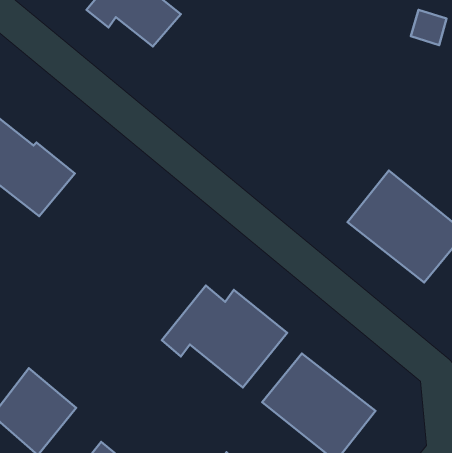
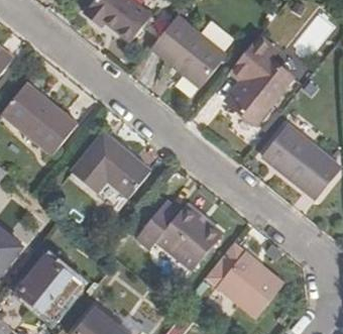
building: none -> [152,17,224,86]
building: none -> [225,36,293,123]
building: none -> [72,132,150,198]

